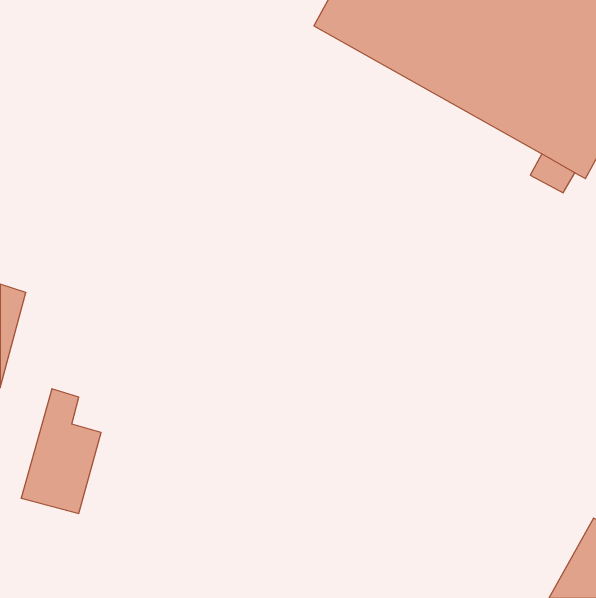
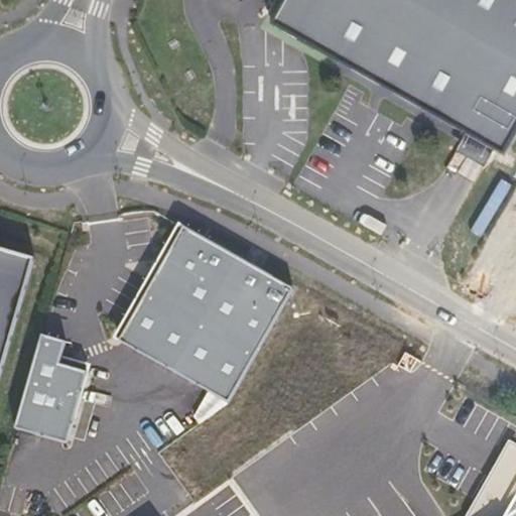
building: none -> [113,222,286,396]

